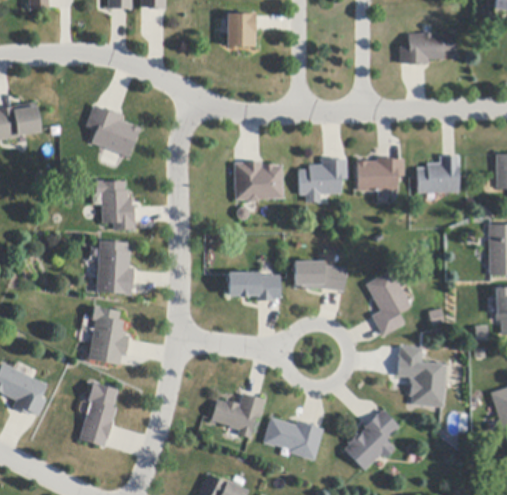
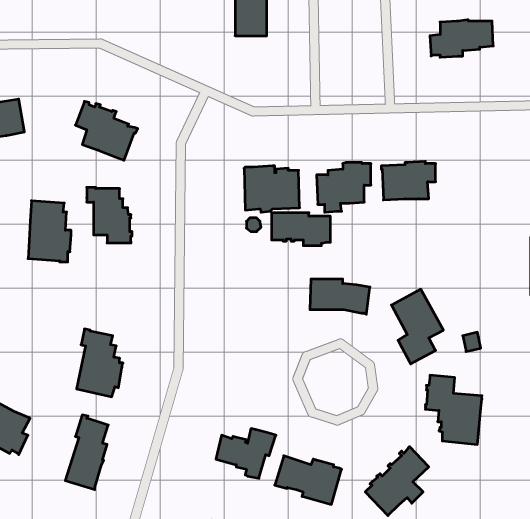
building: [417,156,460,193] -> none
building: [97,241,135,295] -> [28,201,71,262]
building: [229,272,281,301] -> [272,213,330,246]

